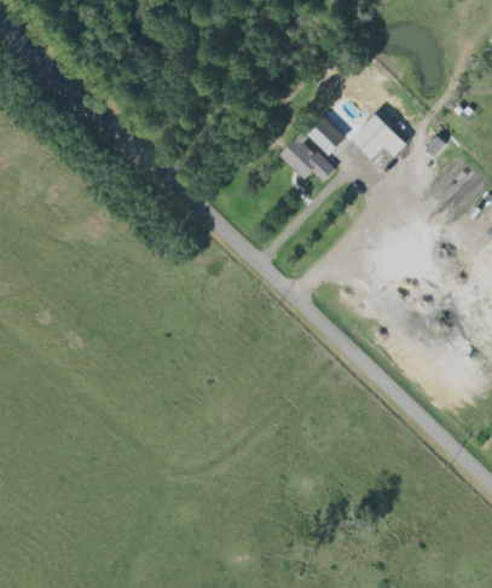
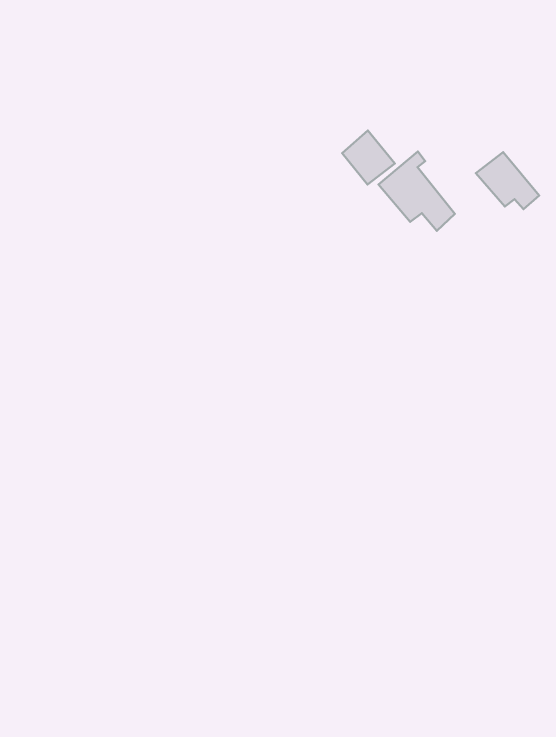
building: [311,116,348,154] -> [342,130,395,184]

